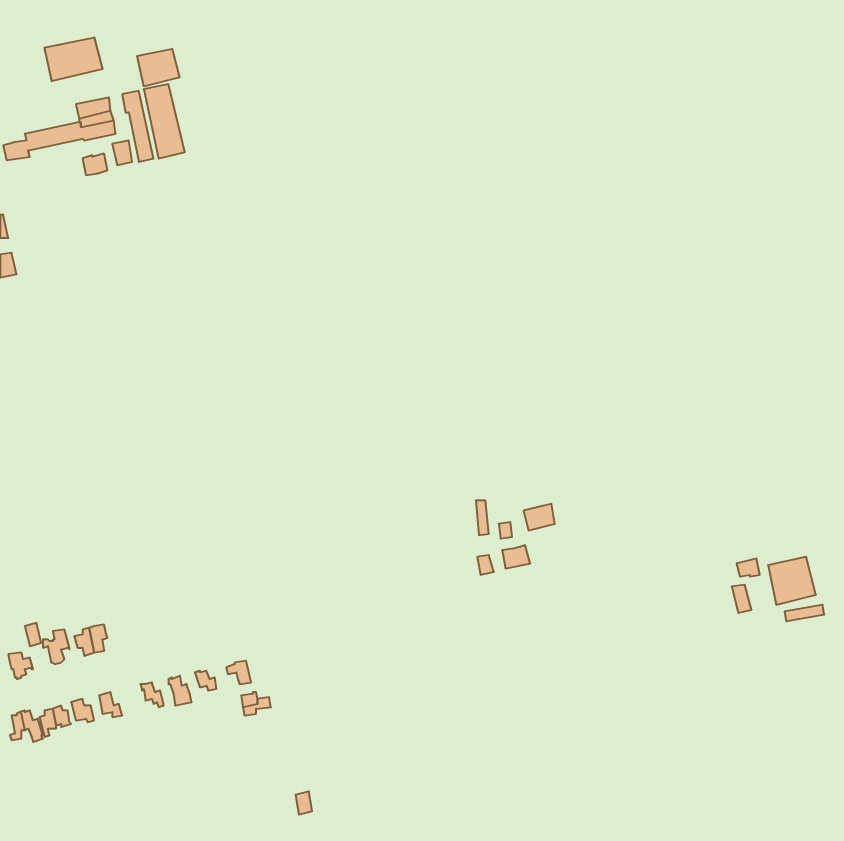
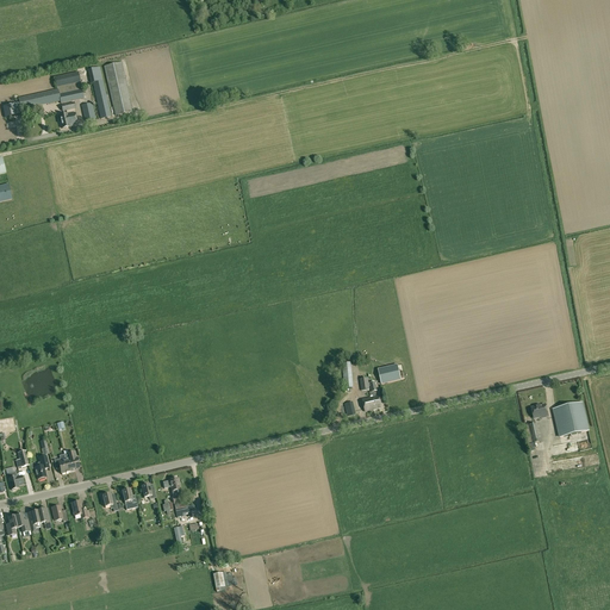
building: [45,37,103,81] -> none
building: [137,49,179,86] -> none

